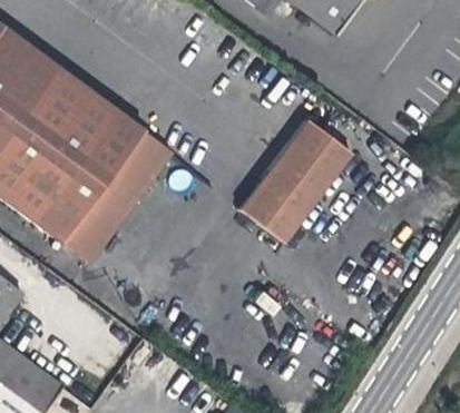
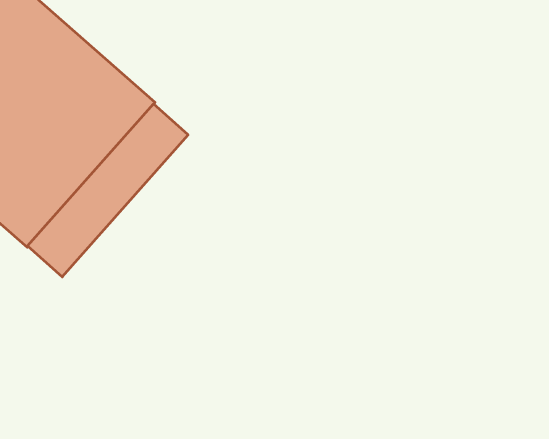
building: [239,119,352,243] -> none

